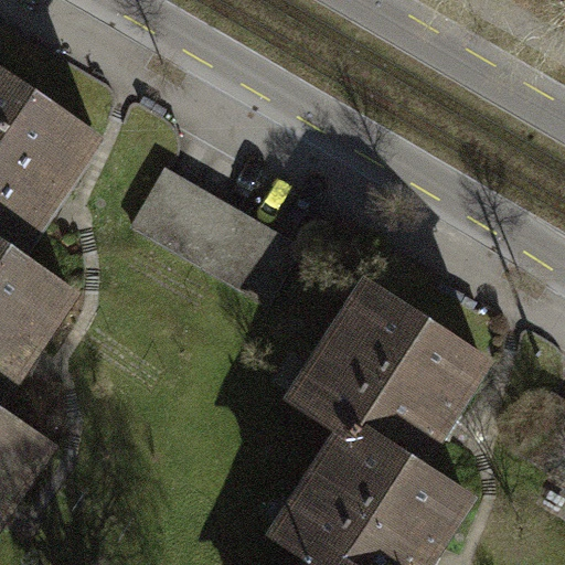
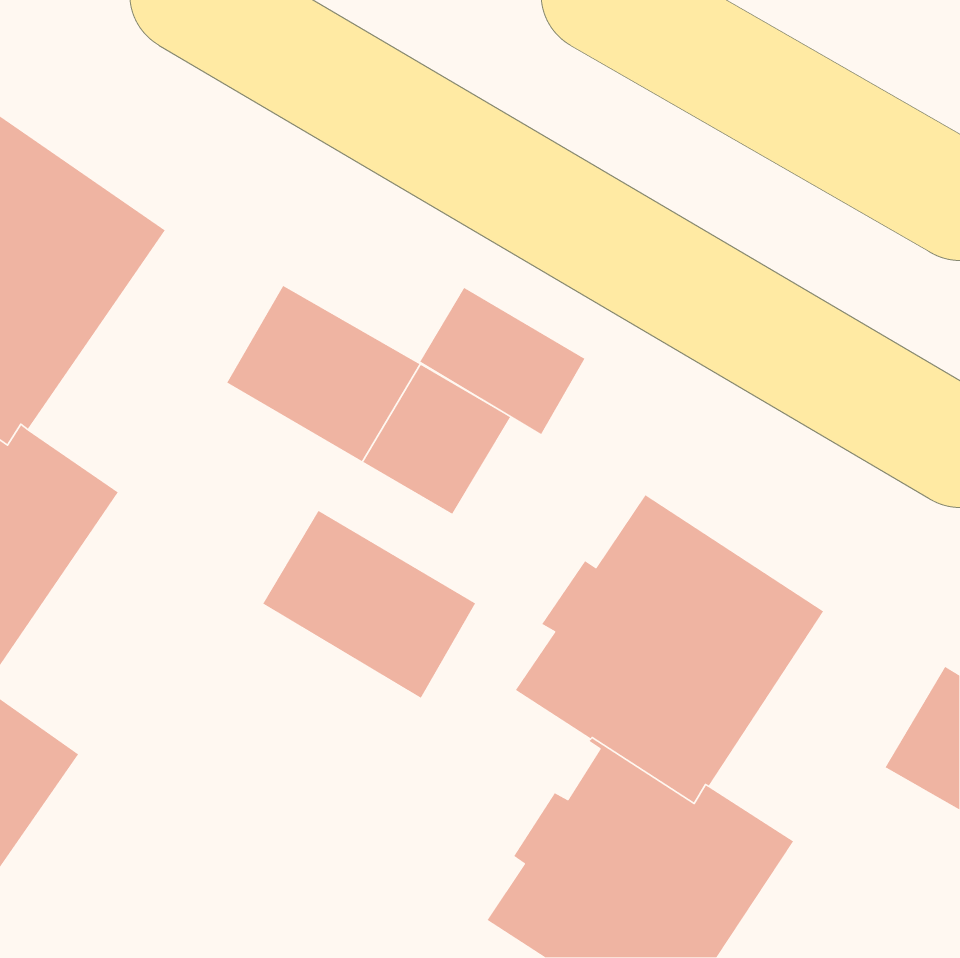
building: none -> [419,287,586,435]
building: none -> [262,510,476,699]

